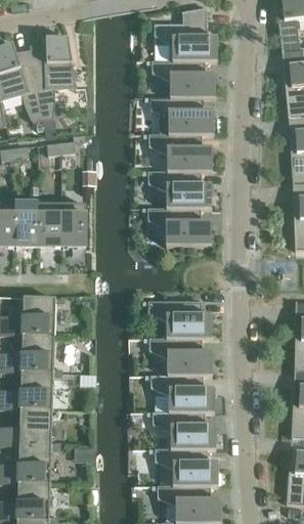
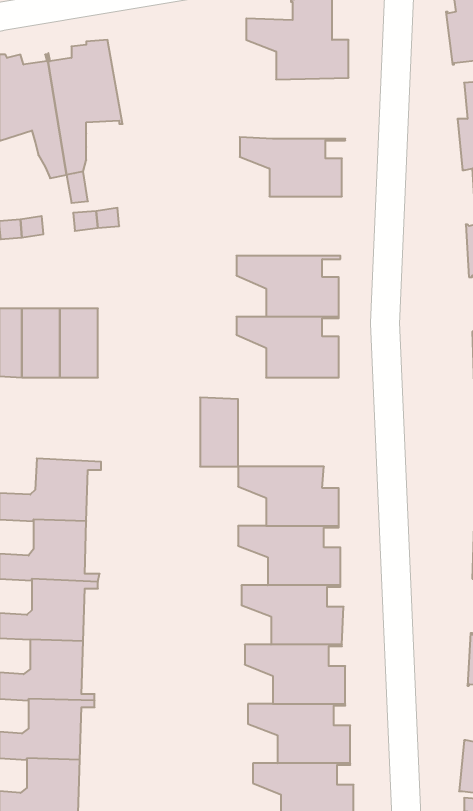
building: [151,60,217,98] -> none
building: [148,134,213,171] -> none
building: [61,204,85,247] -> [200,397,238,467]

